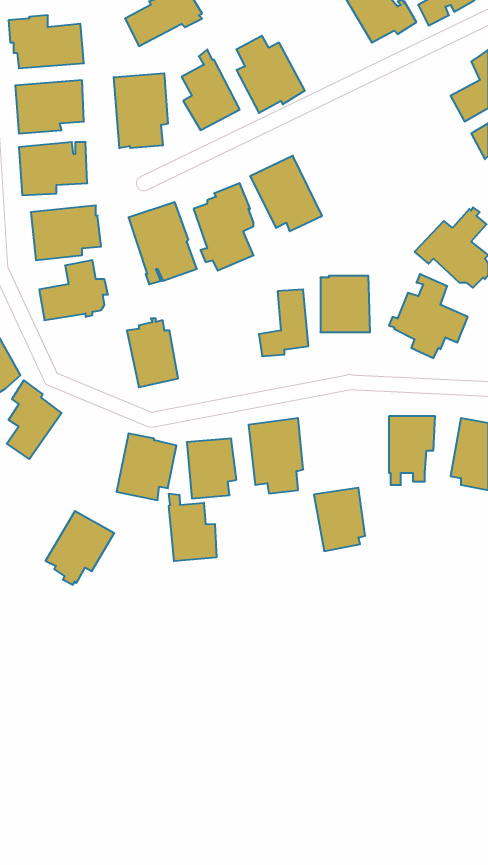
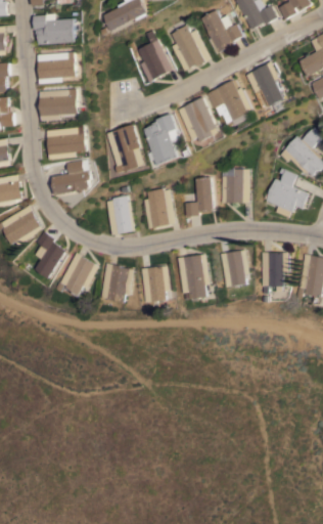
building: none -> [199,10,243,54]
building: [114,73,168,148] -> none
building: none -> [246,61,286,107]
building: none -> [207,80,255,127]
building: none -> [141,188,176,229]
building: [314,488,365,551] -> [219,250,249,288]
building: [169,494,216,561] -> none
building: [46,511,114,585] -> [57,253,98,297]

